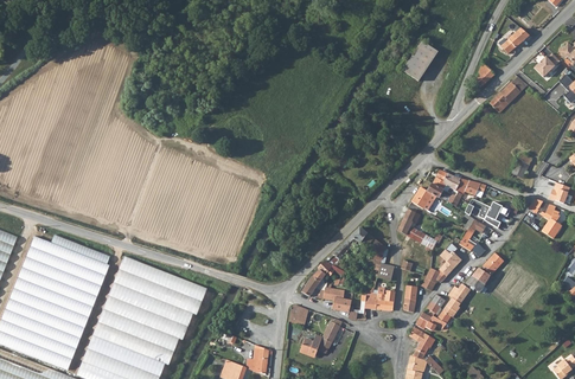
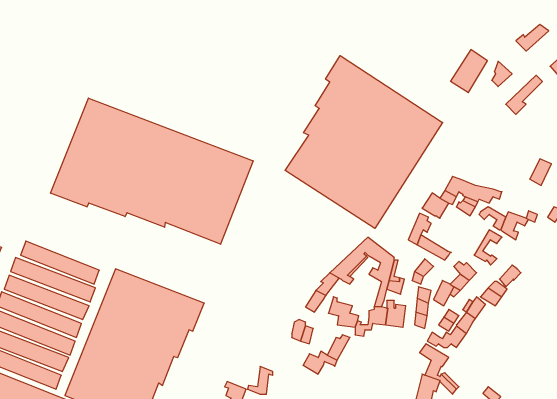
building: [403,41,437,82] -> [451,50,487,93]
building: none -> [285,56,443,228]
building: none -> [51,98,253,244]

